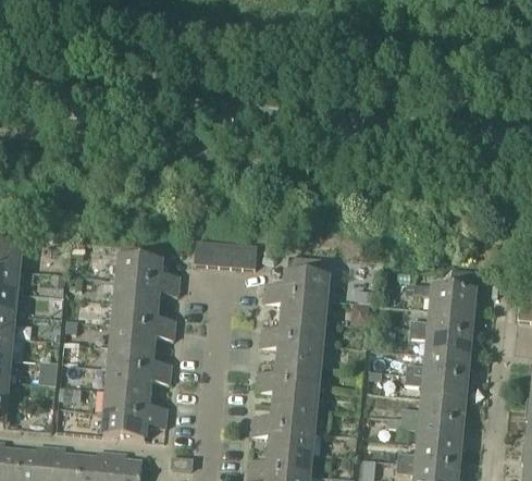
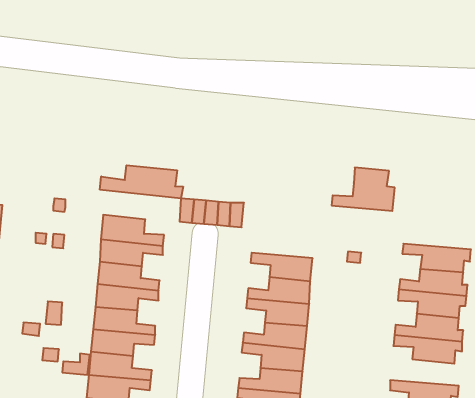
building: none -> [100,165,183,198]
building: [265,256,327,298] -> [332,168,395,211]
building: [401,397,469,423] -> none

